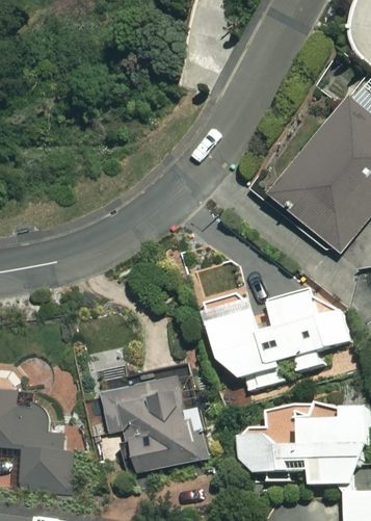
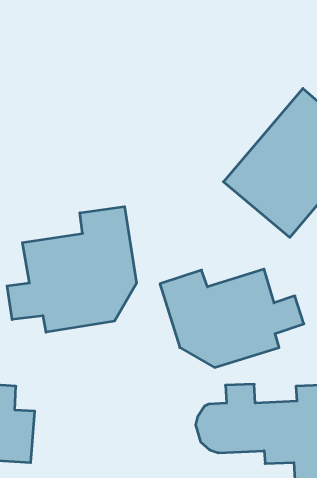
building: none -> [7,207,137,332]
building: [101,363,211,474] -> none

